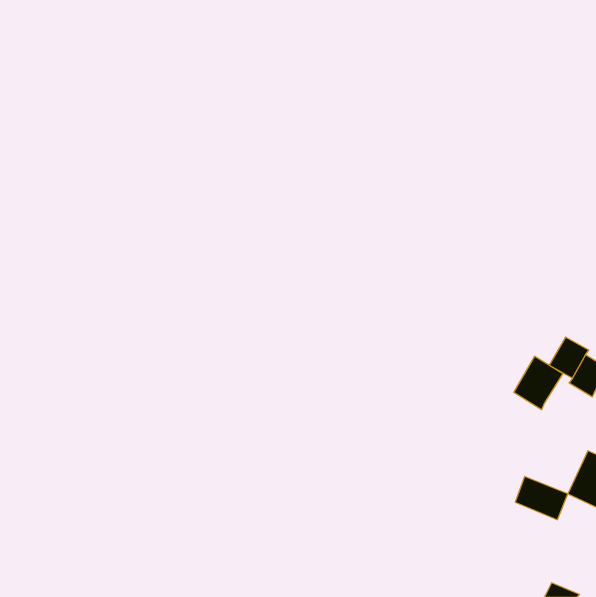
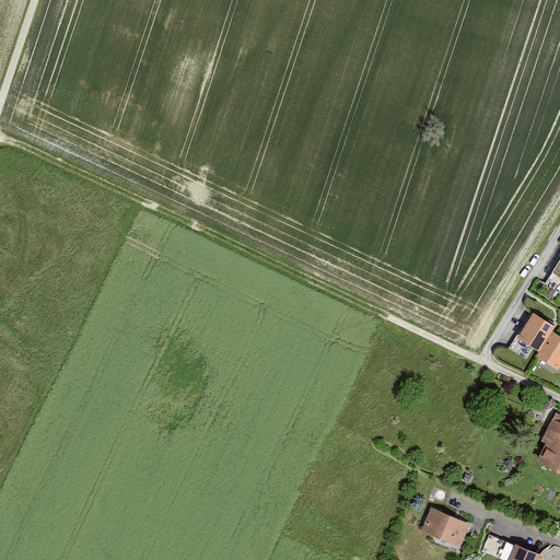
building: [514,356,563,410] -> none
building: [515,476,568,520] -> [422,506,471,547]

